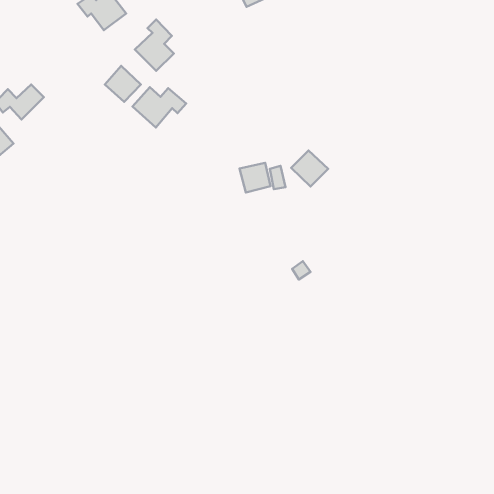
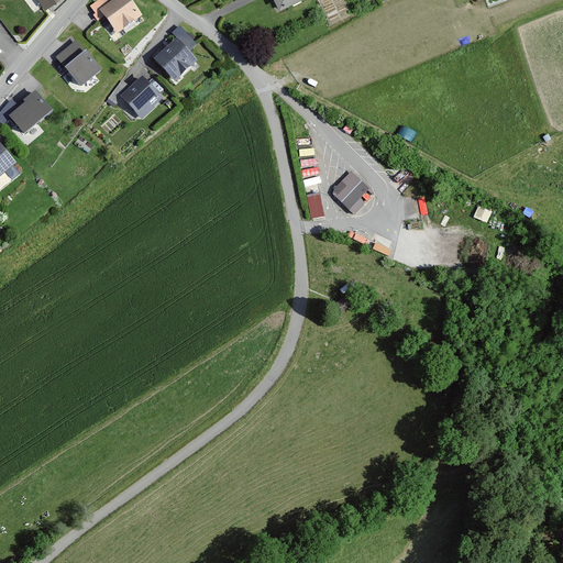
building: none -> [54,38,102,87]
building: [133,87,186,127] -> none
building: [240,163,270,192] -> none

